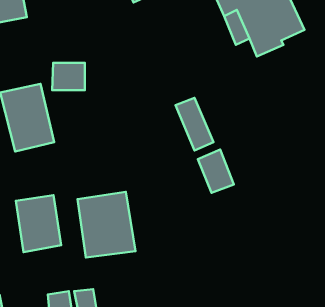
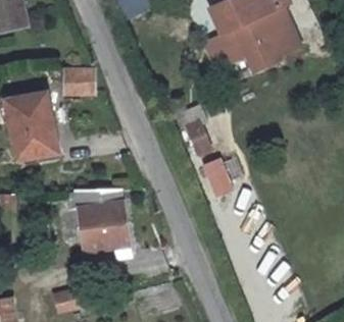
building: [16,195,61,252] -> none

